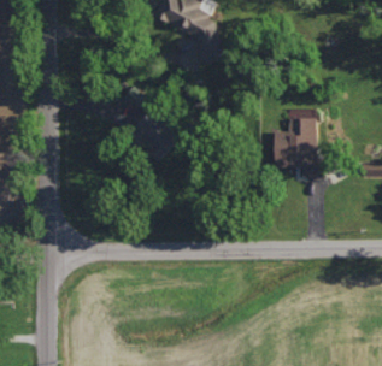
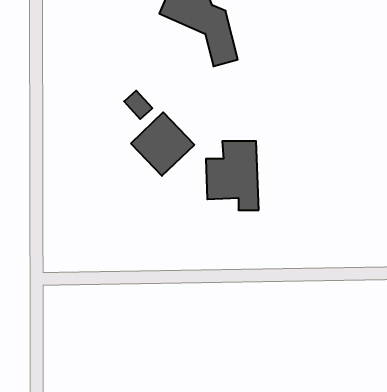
building: [270,111,317,172] -> [206,141,259,210]

